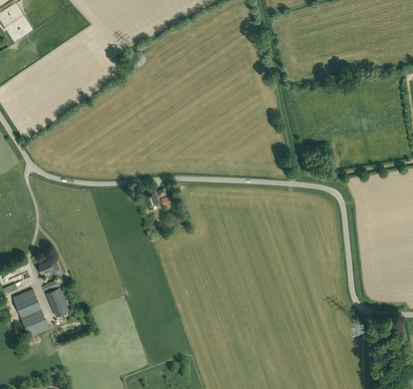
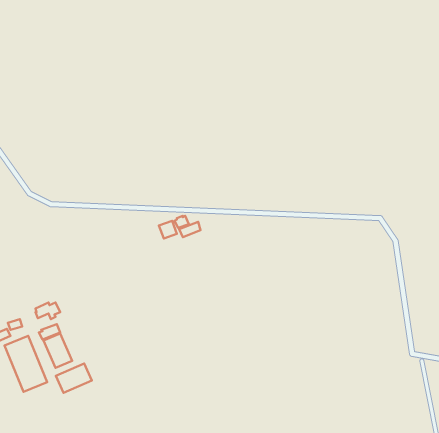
building: none -> [56,363,92,393]

